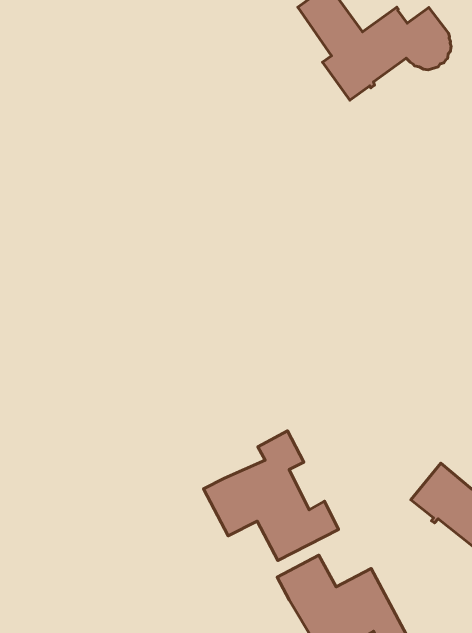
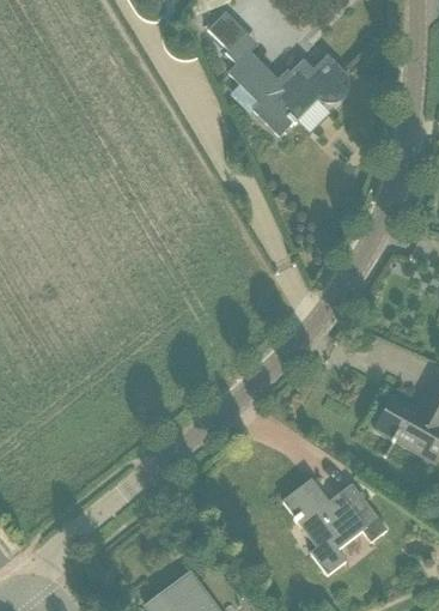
building: [203,431,338,560] -> none

